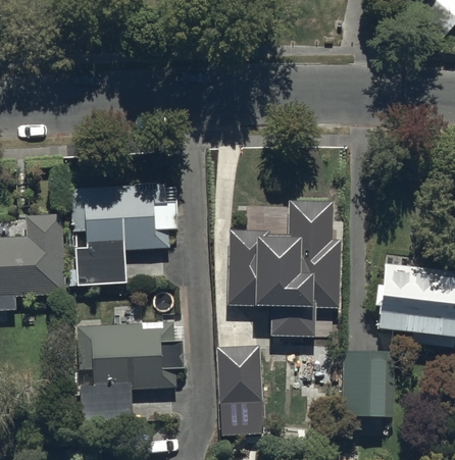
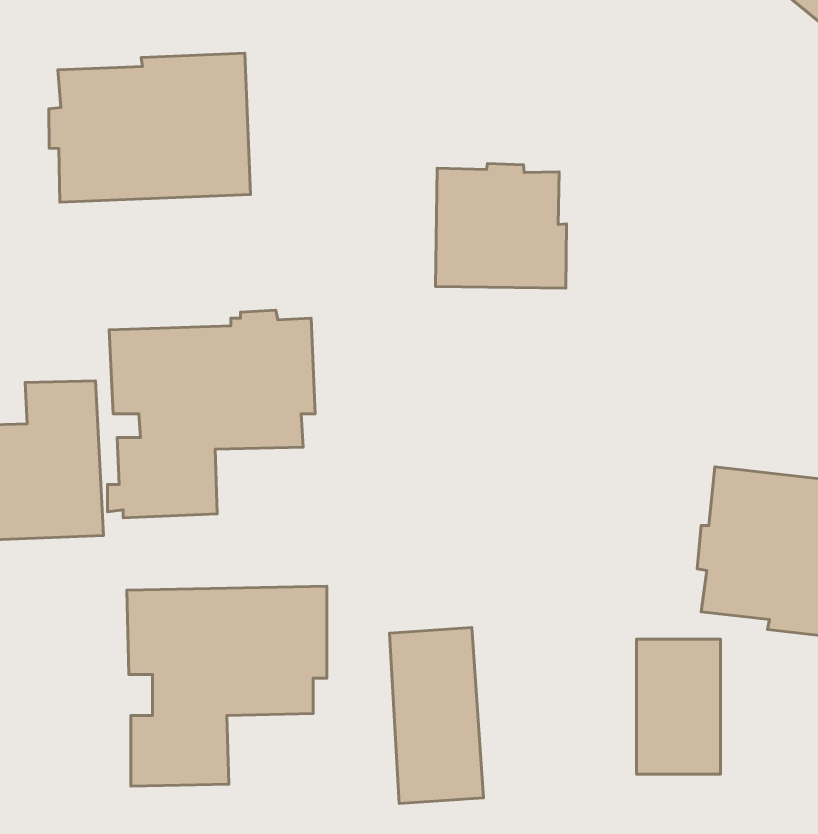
building: none -> [49,53,251,202]
building: none -> [436,164,567,288]
building: [228,201,339,385] -> none

